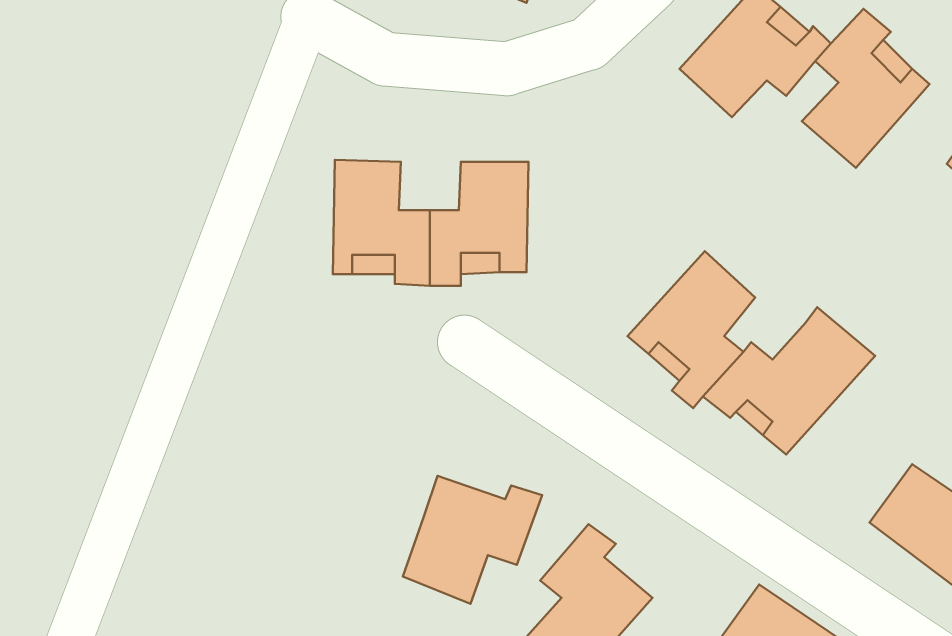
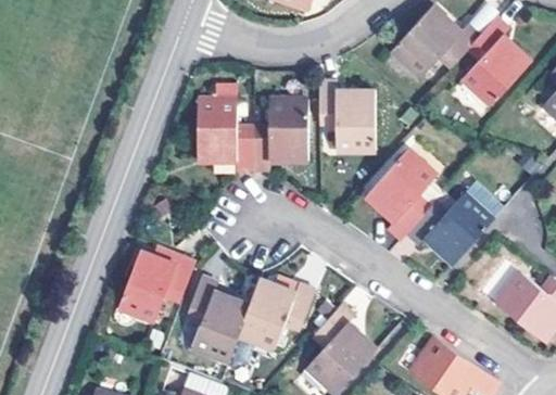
building: none -> [319,81,378,152]
building: none -> [117,247,195,319]
building: none -> [188,275,249,359]

